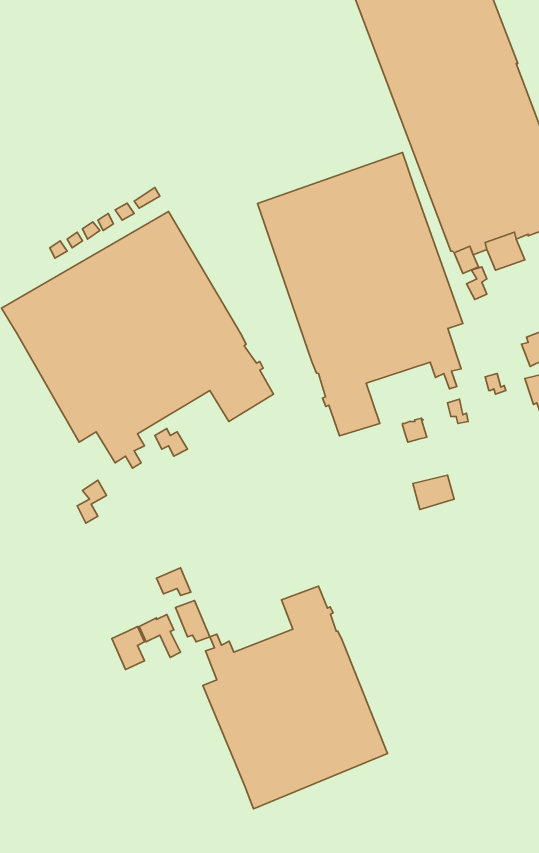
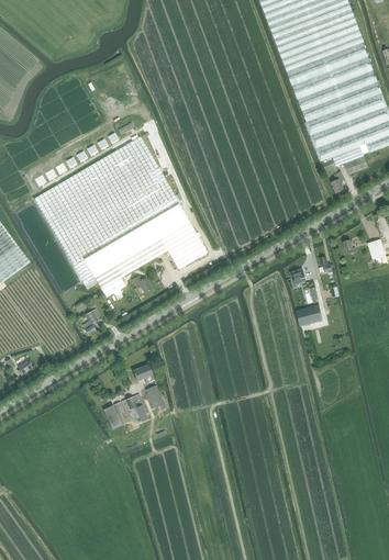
building: [257,152,463,436] -> none
building: [203,586,388,809] -> none

